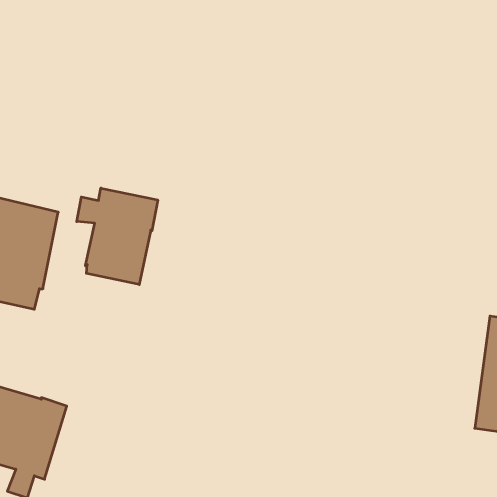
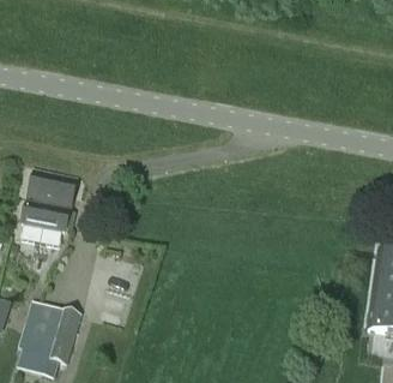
building: [77,188,158,285] -> none

